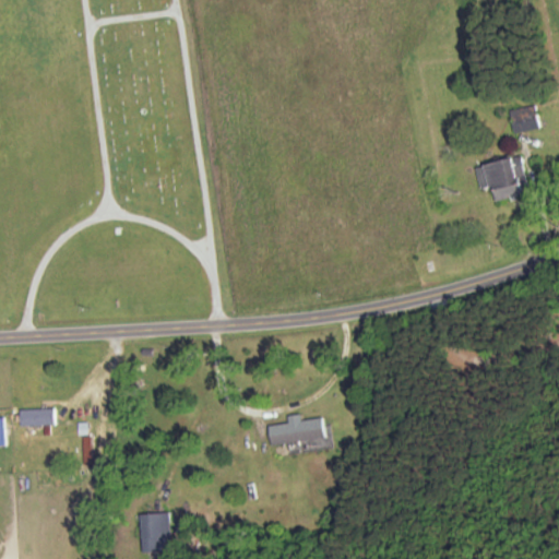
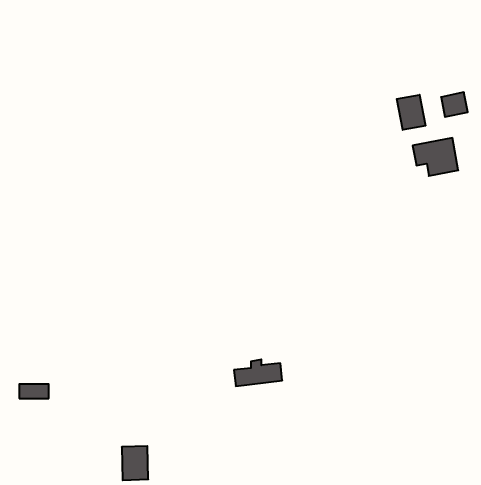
building: none -> [397,95,425,130]
building: [19,409,52,426] -> [19,384,49,398]

